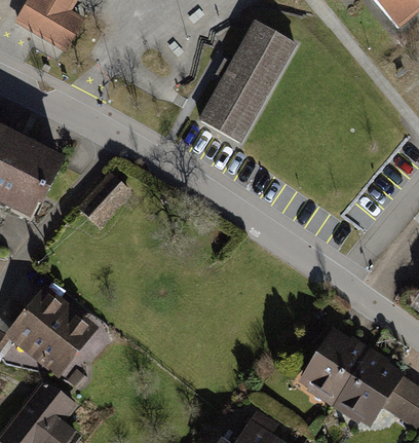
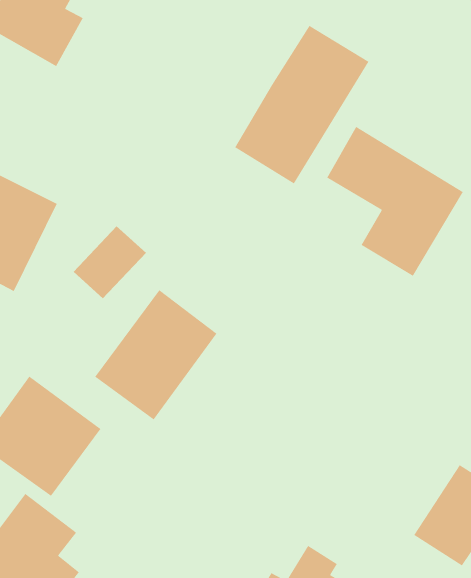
building: none -> [326,126,464,277]
building: none -> [94,289,217,420]
building: [297,327,368,404] -> none

